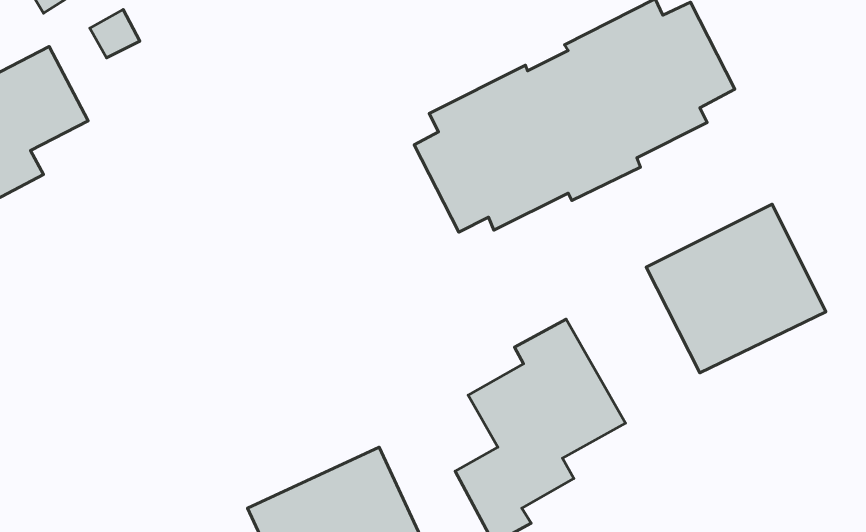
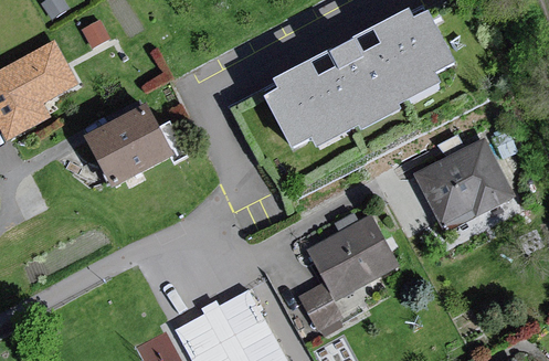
building: none -> [88,113,177,190]

